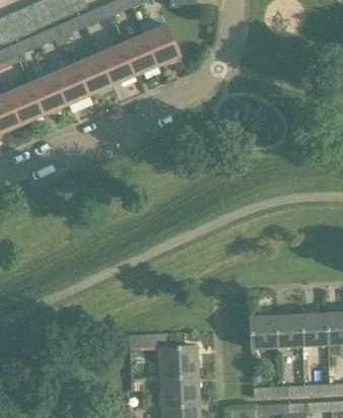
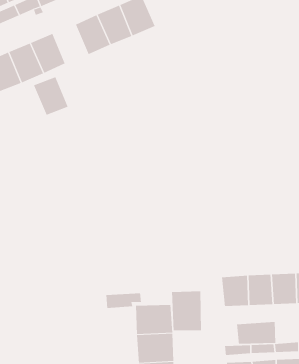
building: [74,55,111,95] -> [33,76,69,116]
building: none -> [172,290,201,331]
building: none -> [237,321,276,345]

